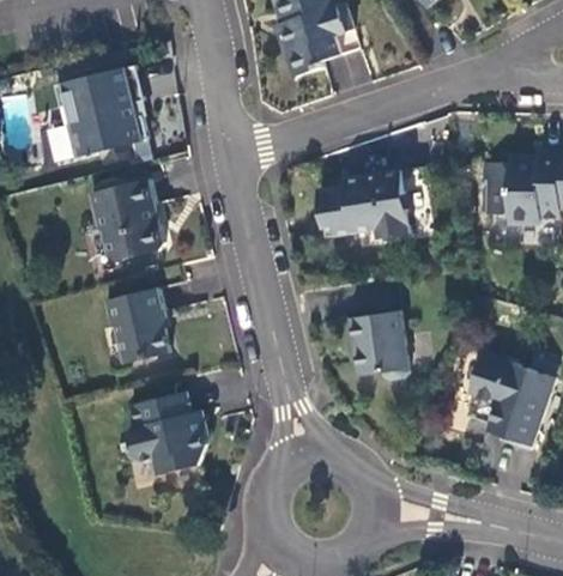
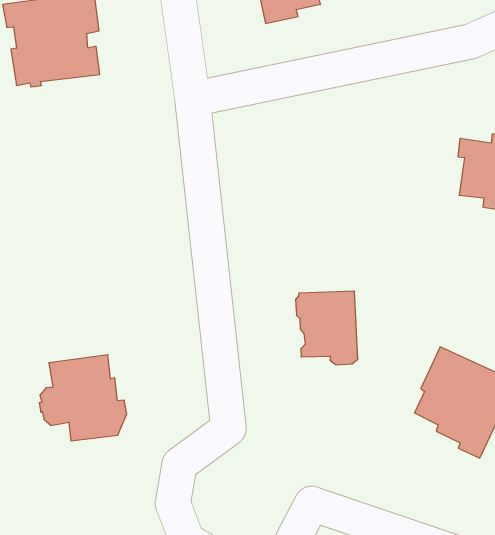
building: [319,169,410,237] -> none
building: [89,178,164,260] -> none
building: [104,287,170,363] -> none

